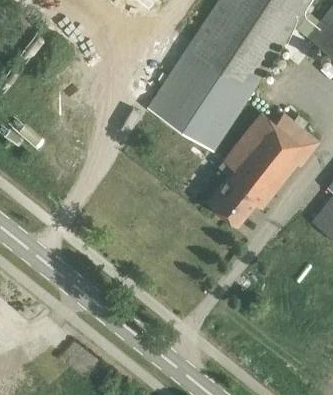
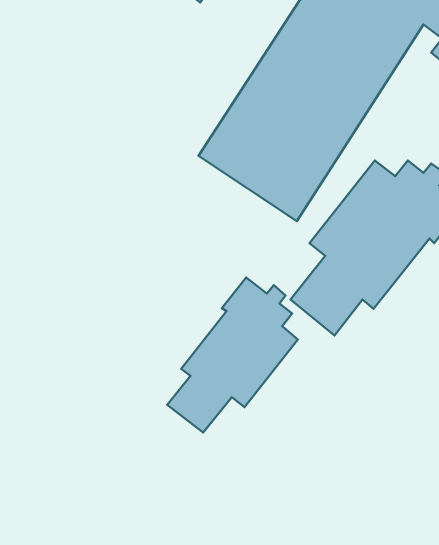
building: none -> [167,278,298,433]

